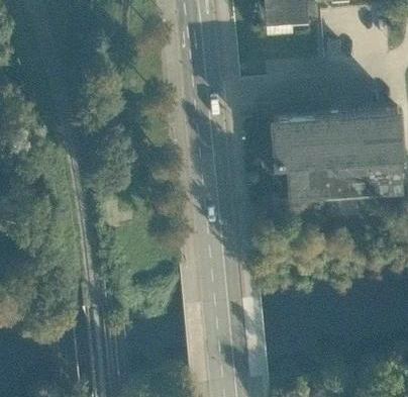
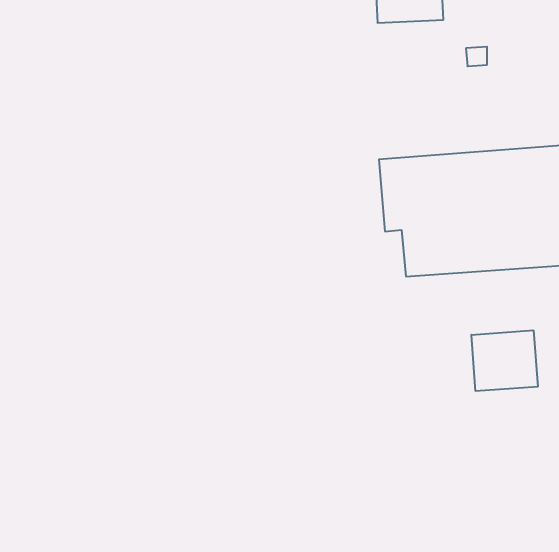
building: none -> [471,330,538,391]

